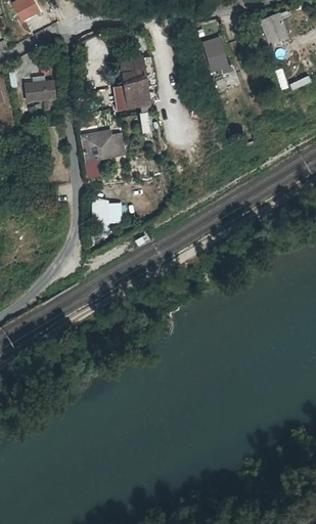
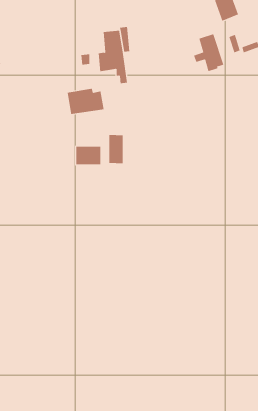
building: [191,31,228,77] -> [193,33,224,72]
building: [26,80,55,102] -> none
building: none -> [109,134,123,164]

